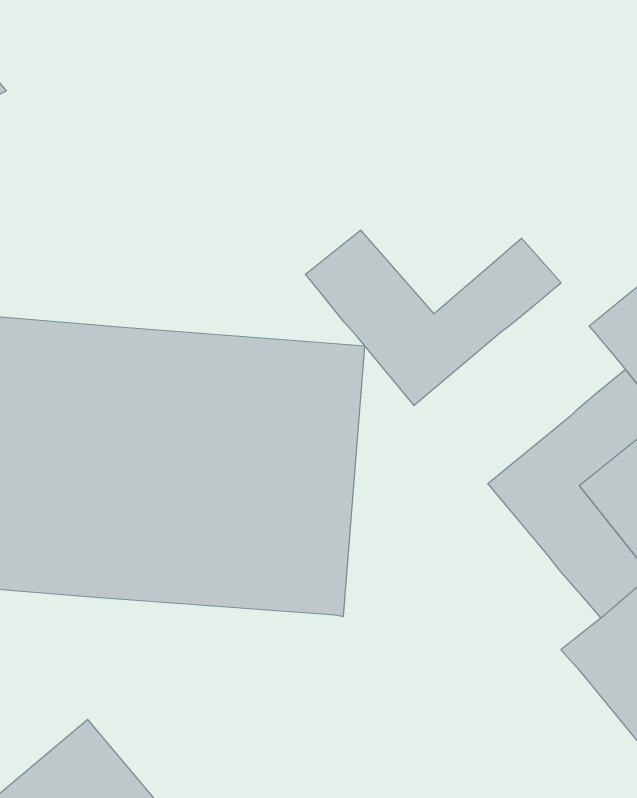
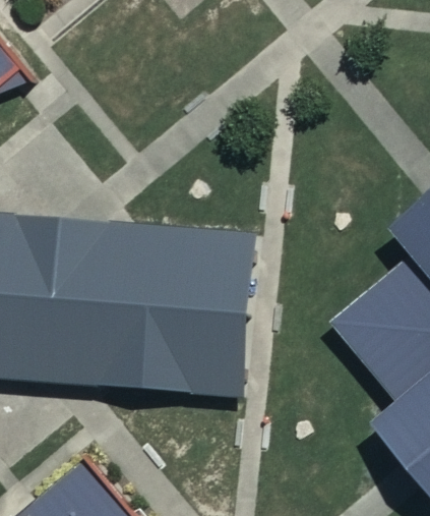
building: [305,230,561,406] -> none

